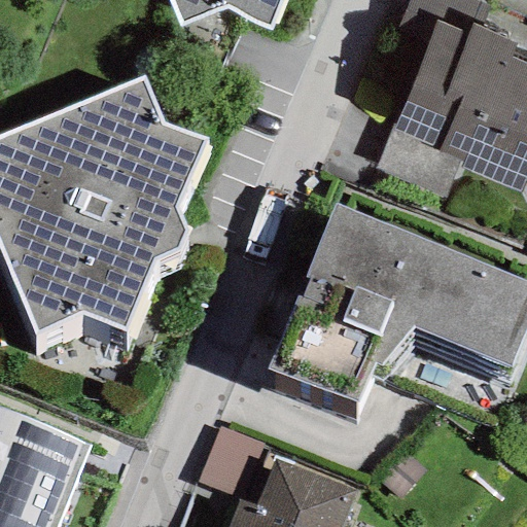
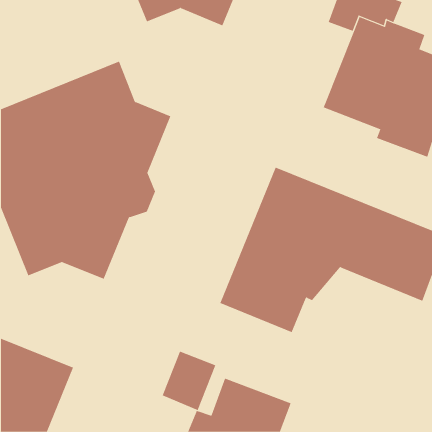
building: [374,124,462,198] -> none

